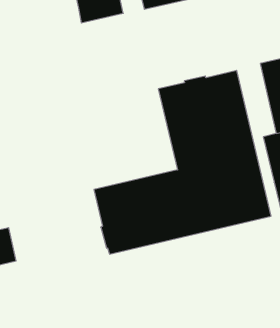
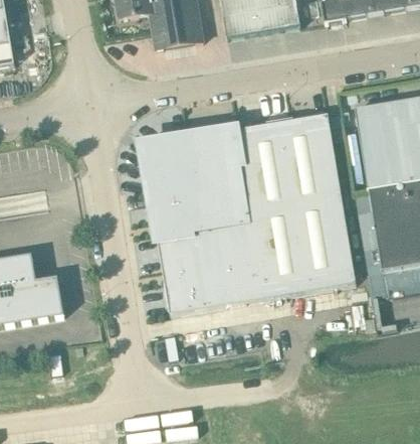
building: none -> [141,128,252,238]

